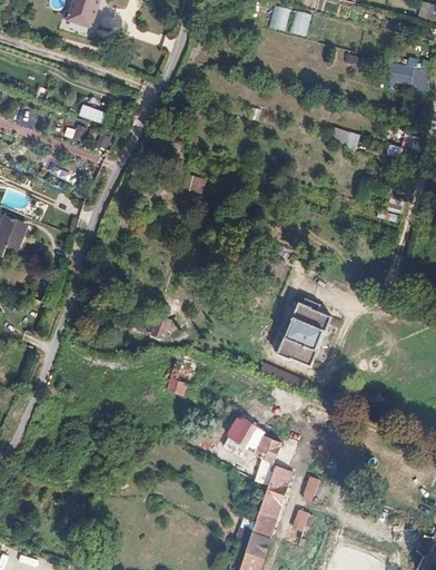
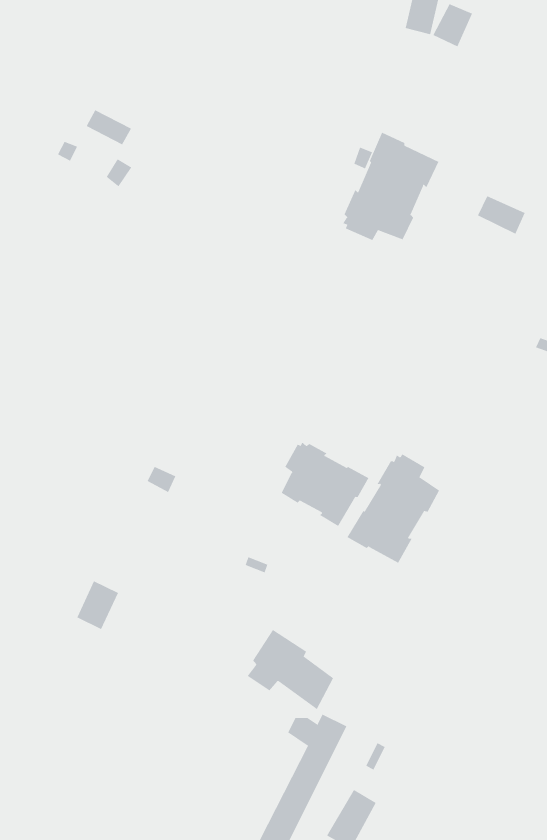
building: none -> [342,132,439,241]
building: none -> [281,442,369,527]
building: [166,364,190,394] -> [76,581,119,630]

